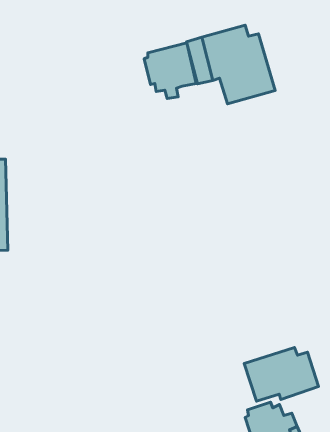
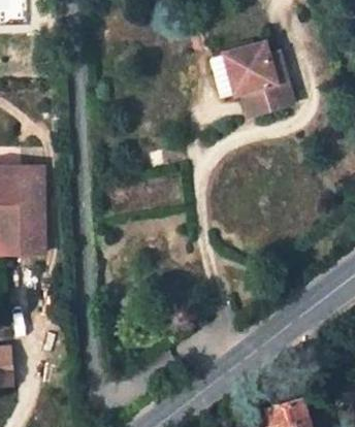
building: [144,43,196,98] -> none
building: [244,348,319,401] -> none

